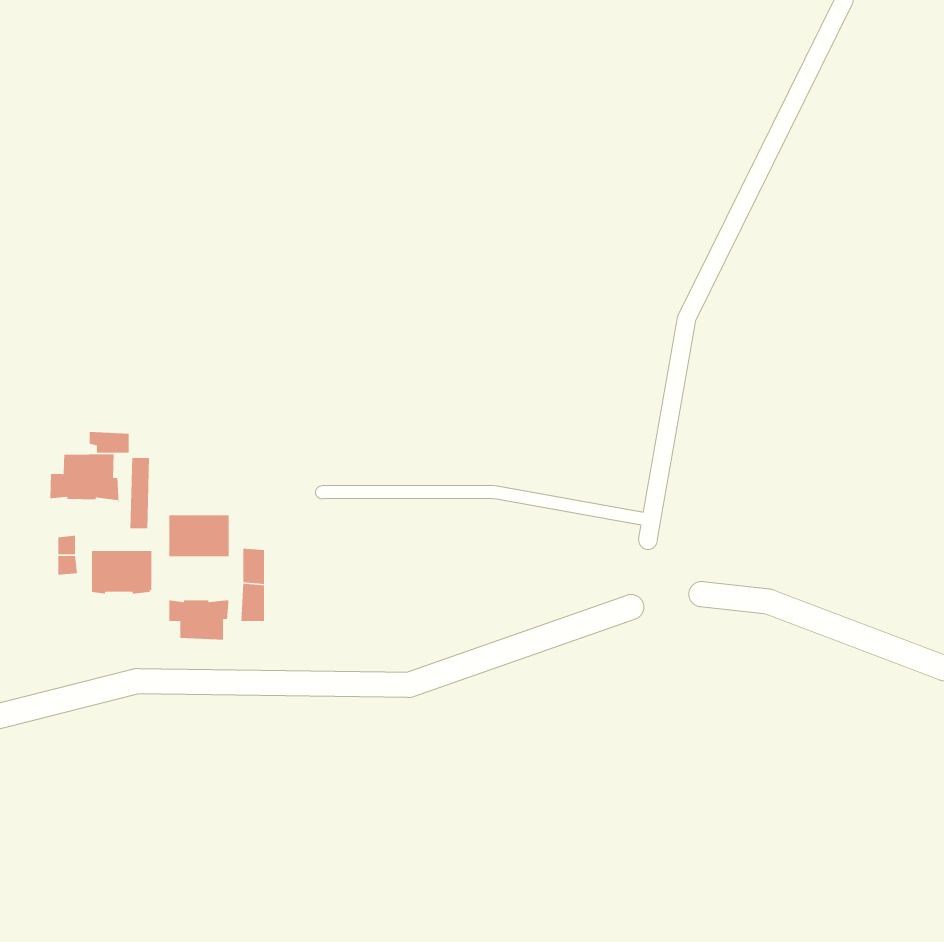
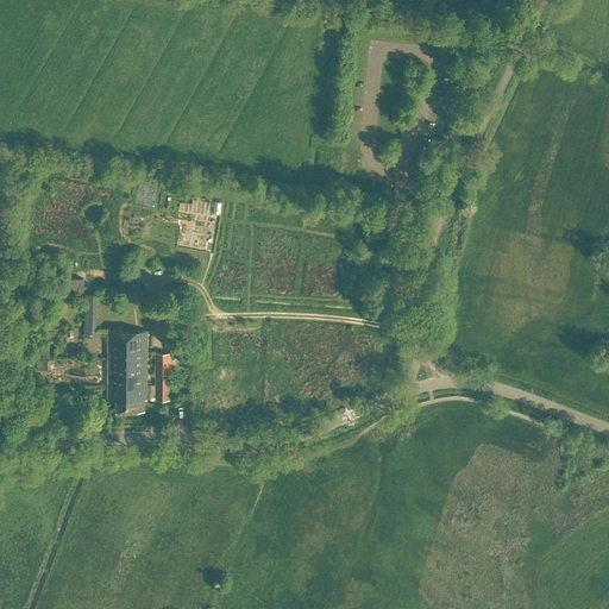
building: [50,453,120,503] -> none
building: [91,550,152,594] -> [108,360,147,389]

